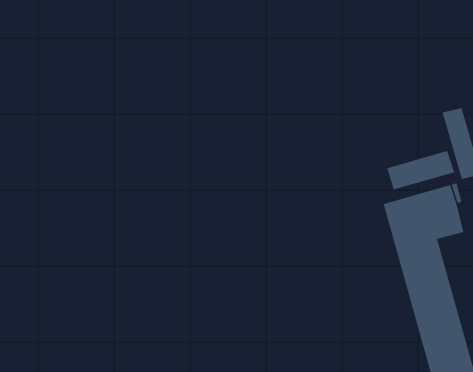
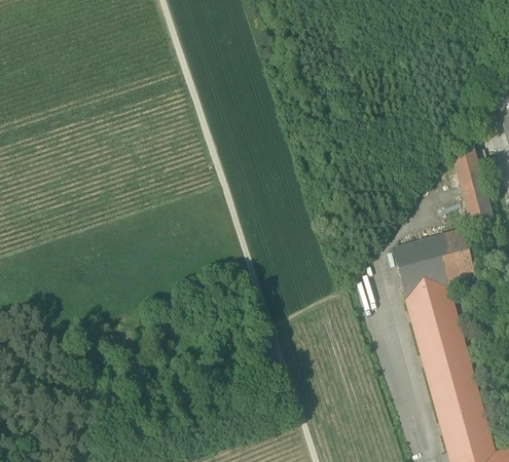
building: [386,150,455,190] -> none

